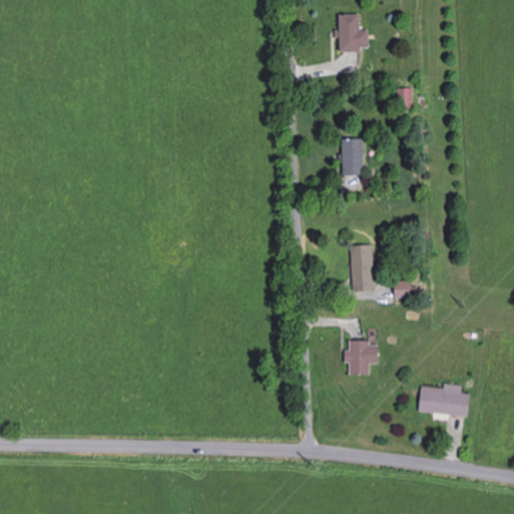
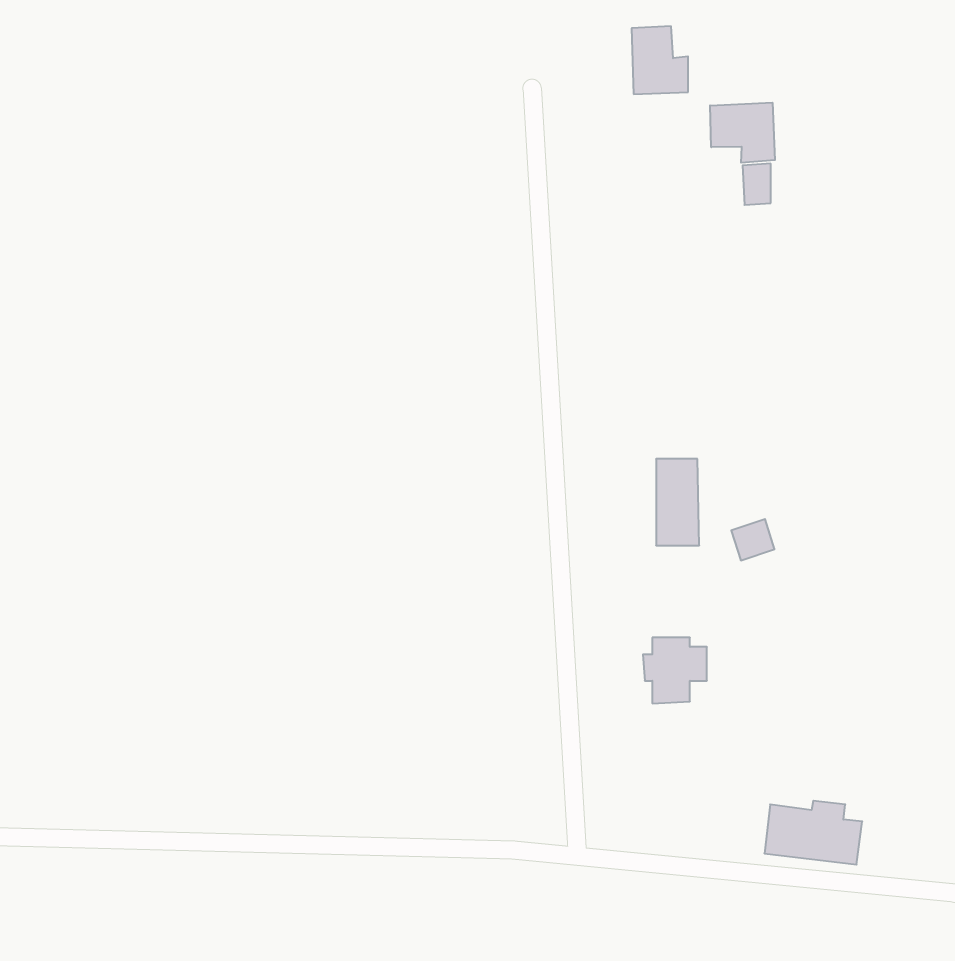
building: none -> [710,103,775,163]
building: [341,139,362,176] -> none
building: [418,383,470,418] -> [764,801,862,865]

